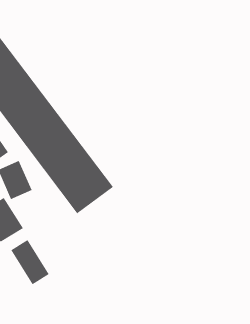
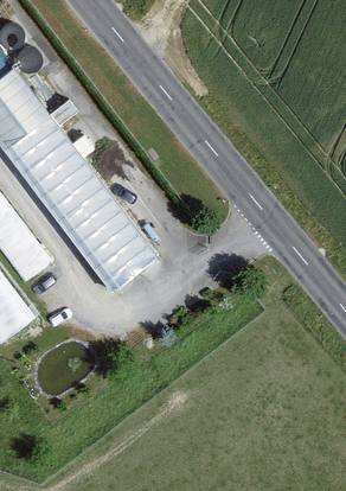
building: [11,239,50,285] -> none

